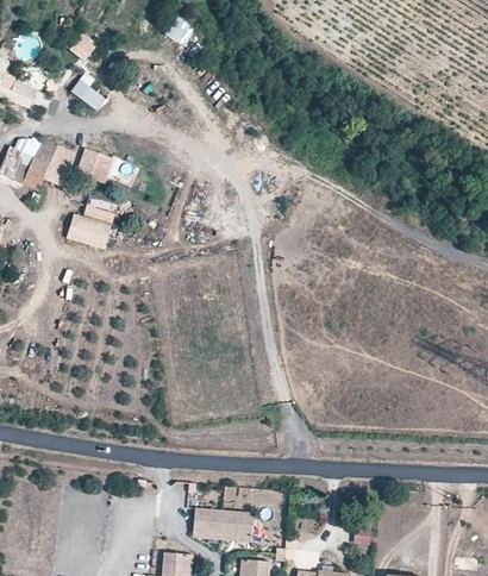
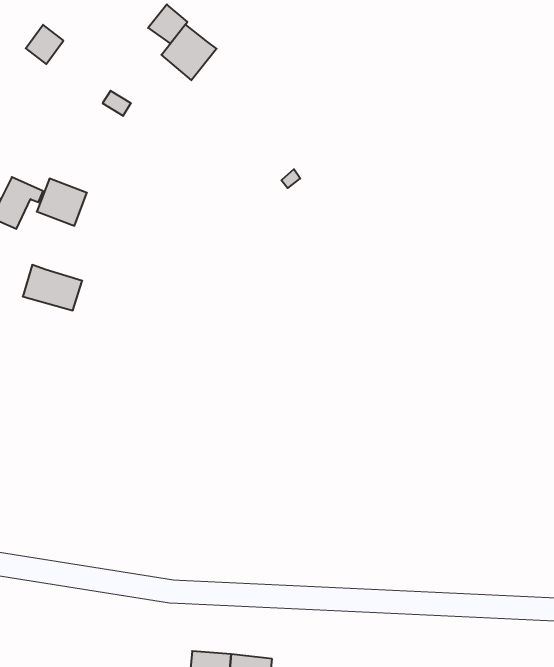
building: none -> [161,25,217,80]
building: [70,73,104,109] -> none
building: [83,195,118,226] -> none

